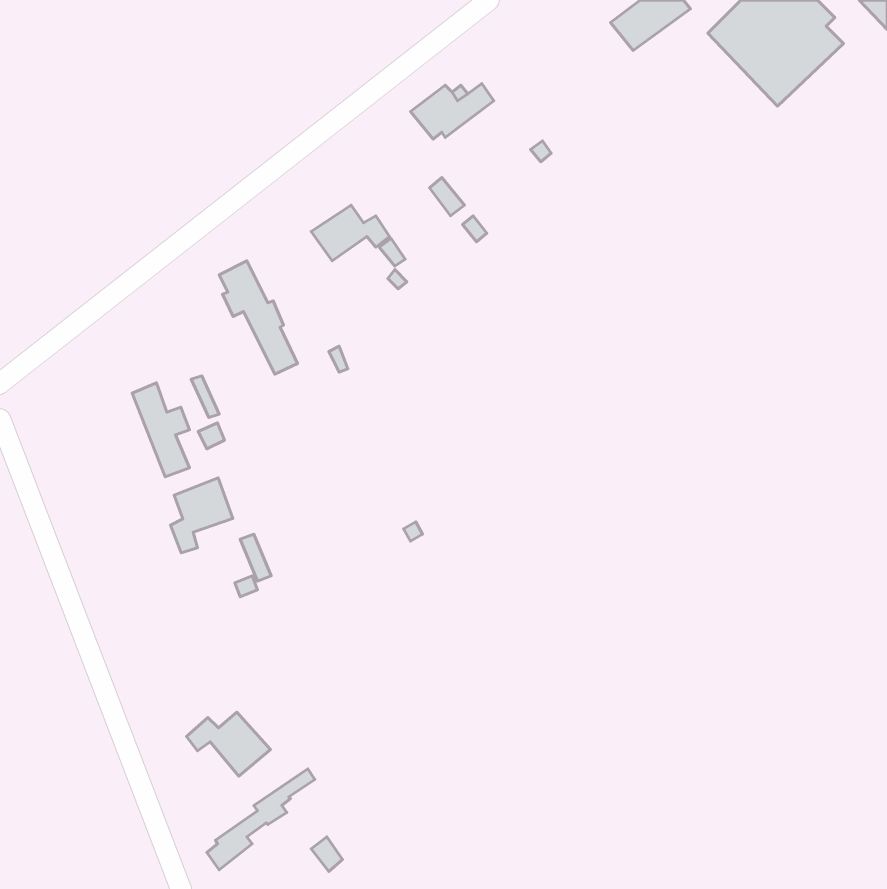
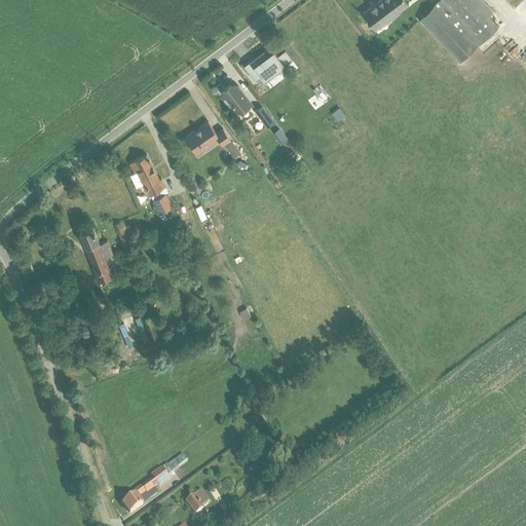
building: none -> [220,84,252,113]
building: [170,478,233,553] -> none
building: [186,712,270,776] -> none

